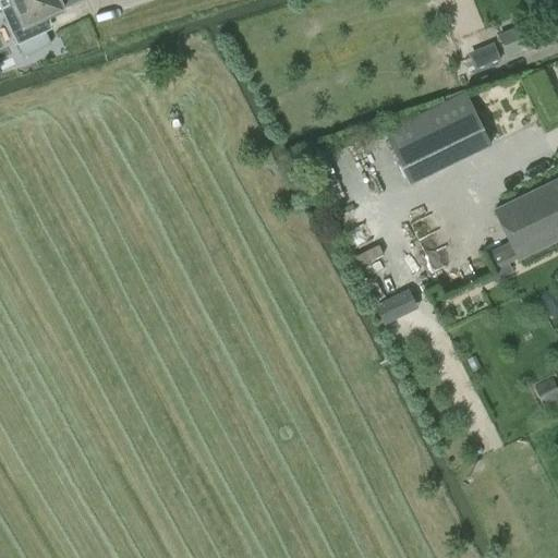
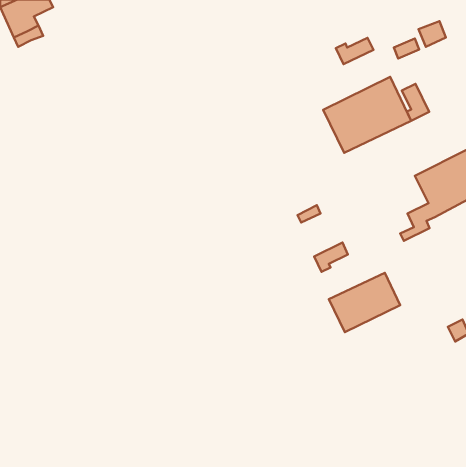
building: none -> [336,38,373,64]
building: none -> [402,84,429,121]
building: none -> [329,273,400,332]

